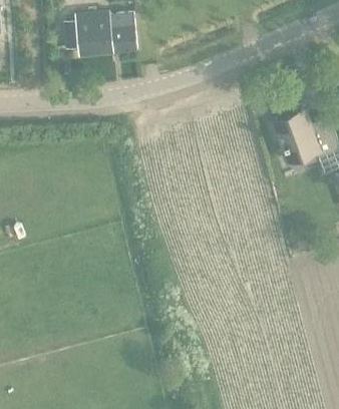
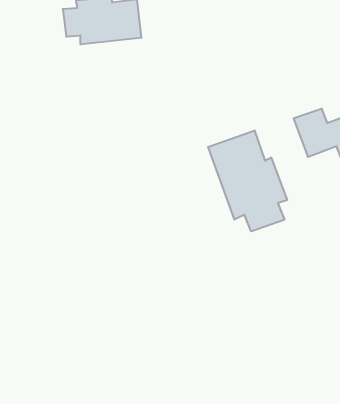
building: none -> [208,130,287,231]

